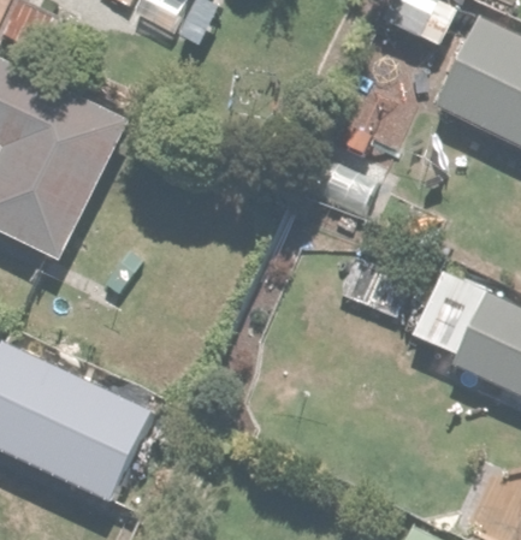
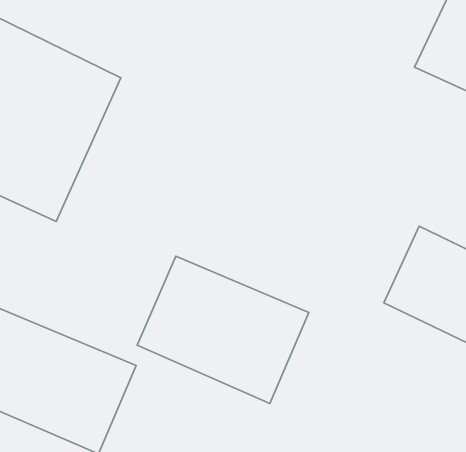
building: none -> [137,256,309,403]

